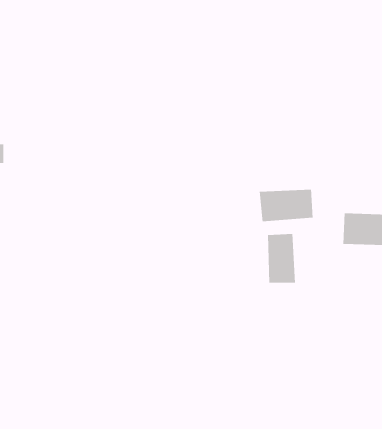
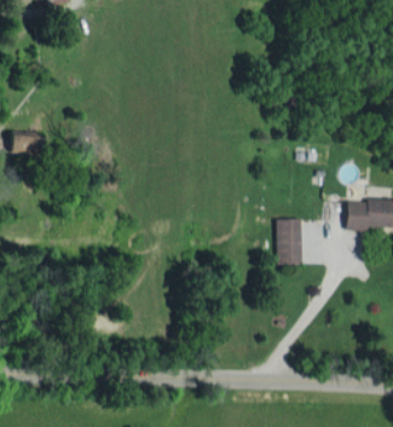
building: [259,189,313,222] -> none

